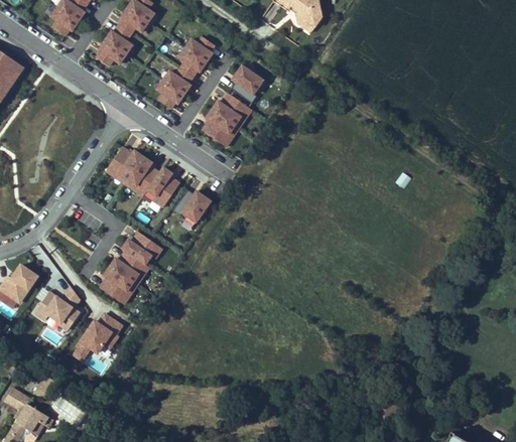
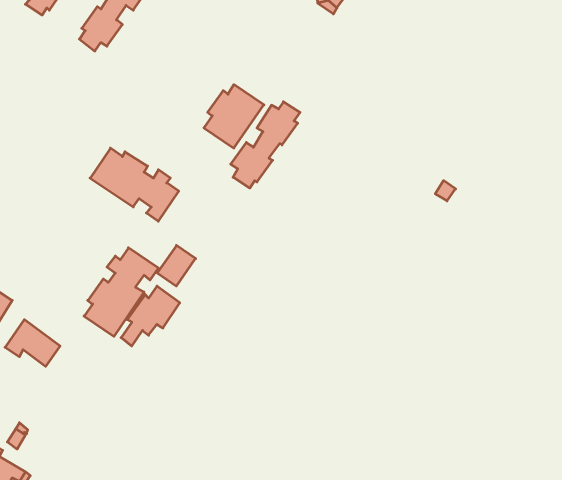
building: [155,36,214,109] -> [231,102,300,188]
building: [231,64,263,95] -> none
building: [179,188,212,223] -> [157,245,196,286]
building: [73,312,122,362] -> [121,286,180,346]

